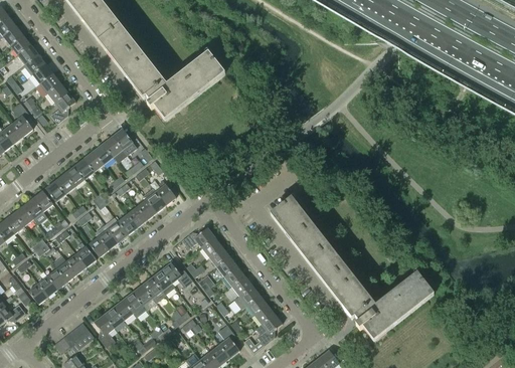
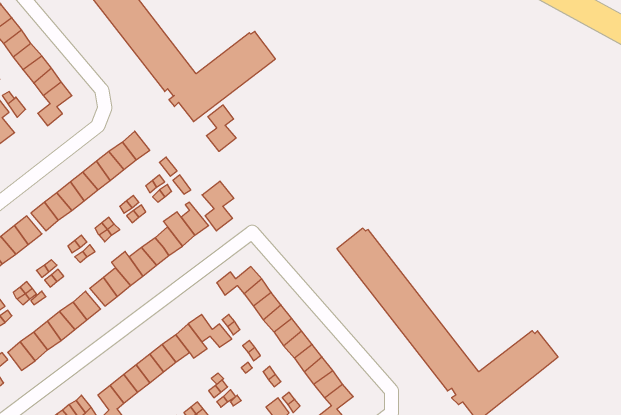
building: none -> [206,105,236,151]
building: none -> [202,181,234,231]

